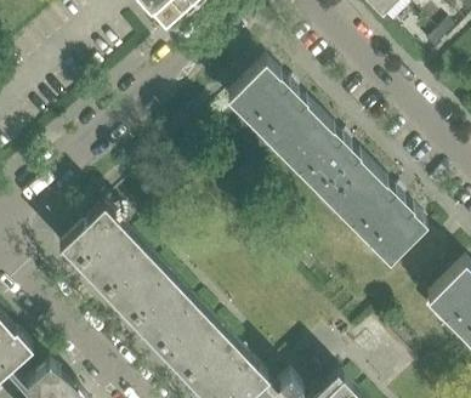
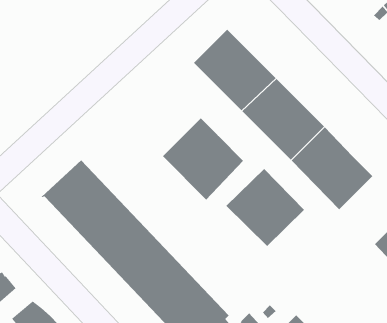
building: none -> [162,118,244,200]
building: none -> [226,168,305,247]

